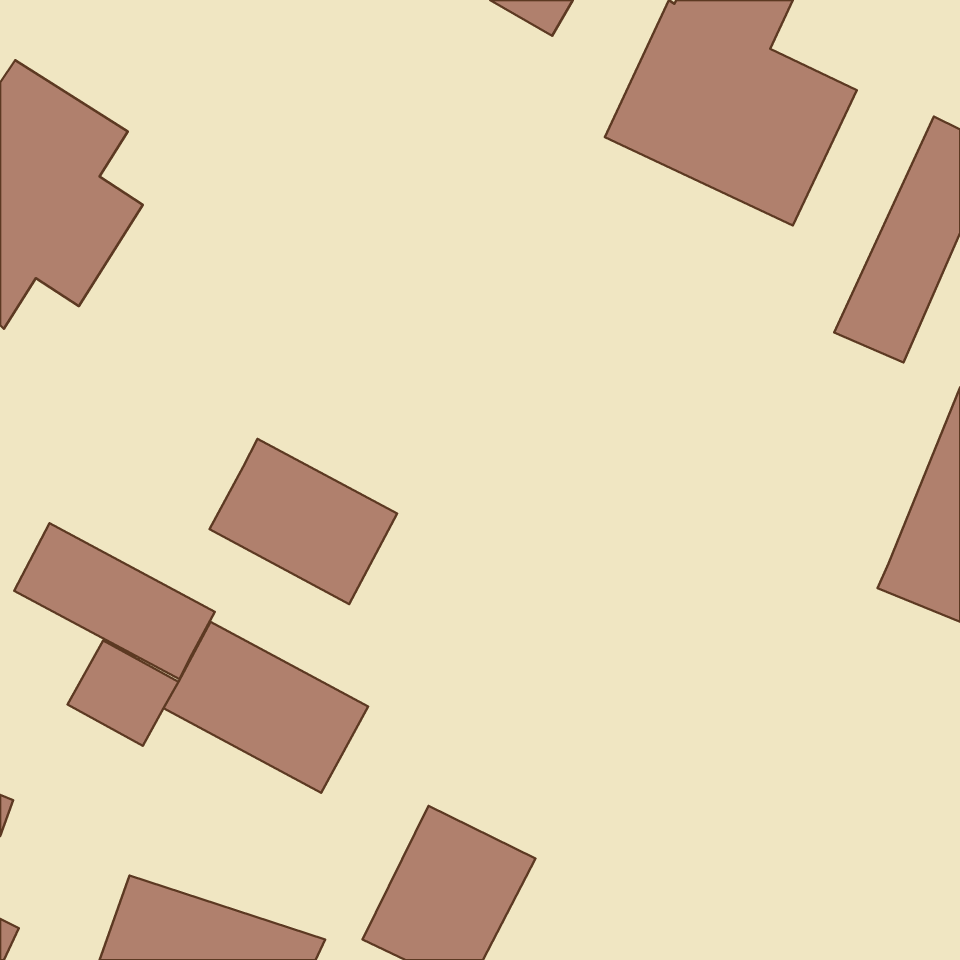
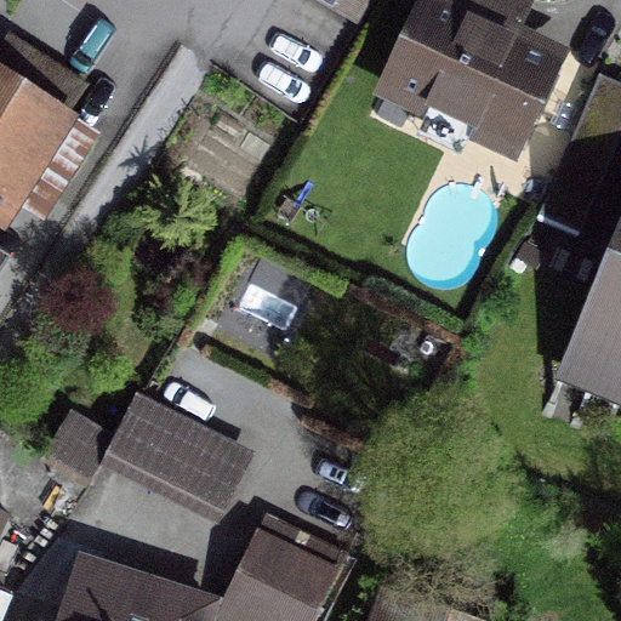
building: [210,439,397,604] -> none
building: [14,523,215,679] -> none

